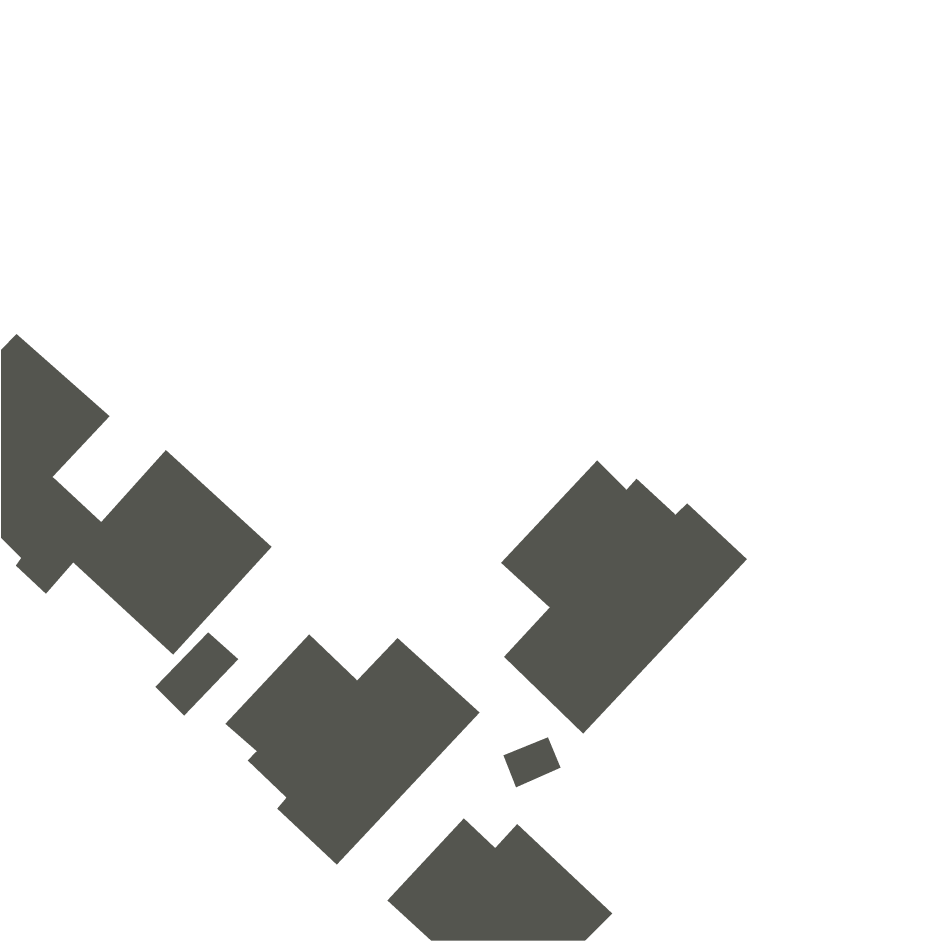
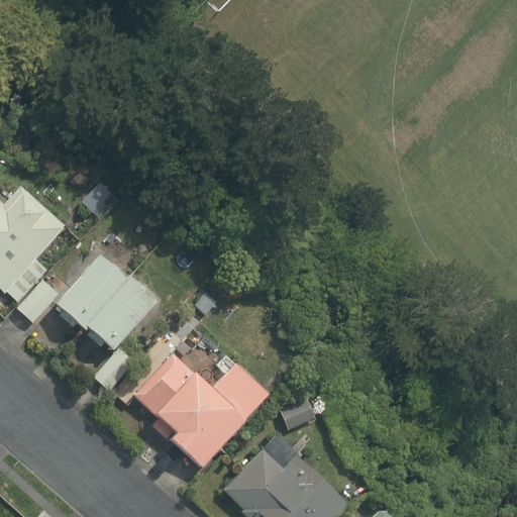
building: [500,459,748,735] -> none

